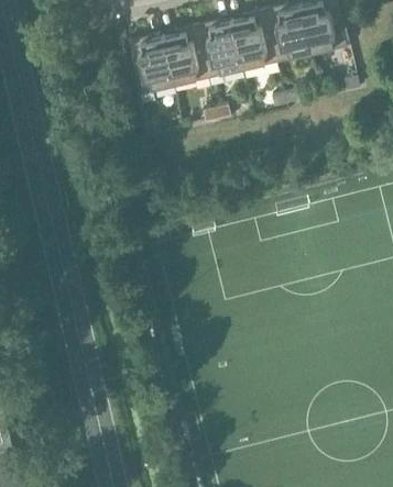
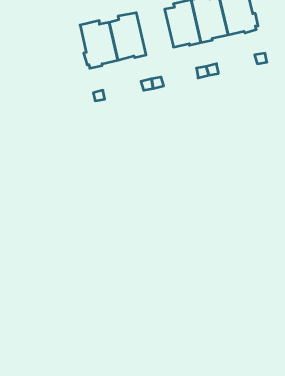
building: [187,23,233,81] -> none

